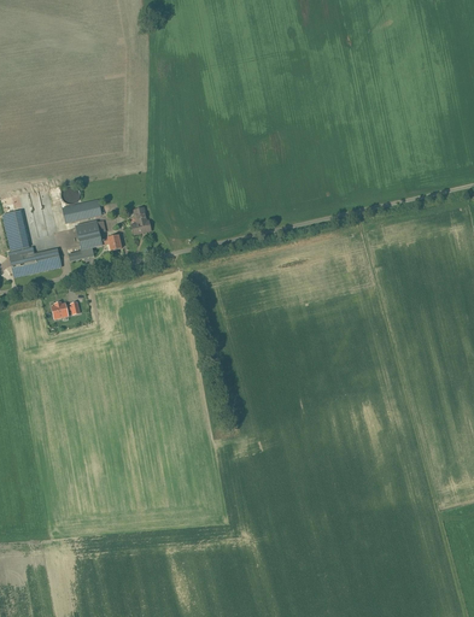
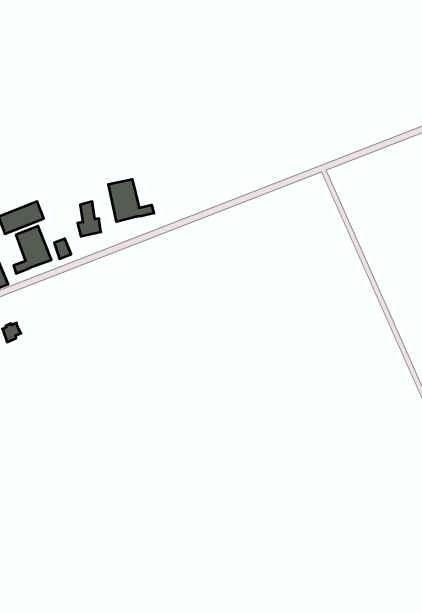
building: none -> [108,179,154,222]

